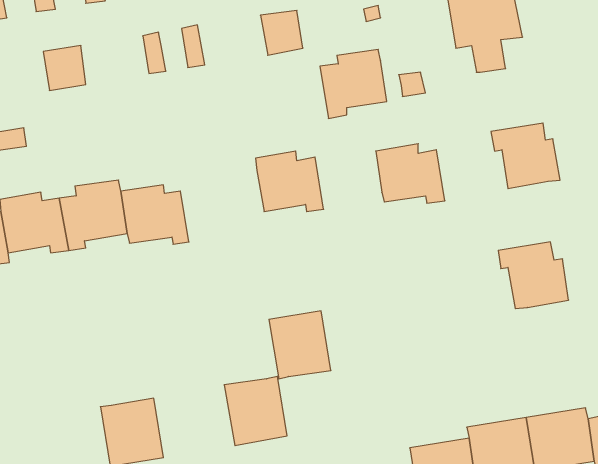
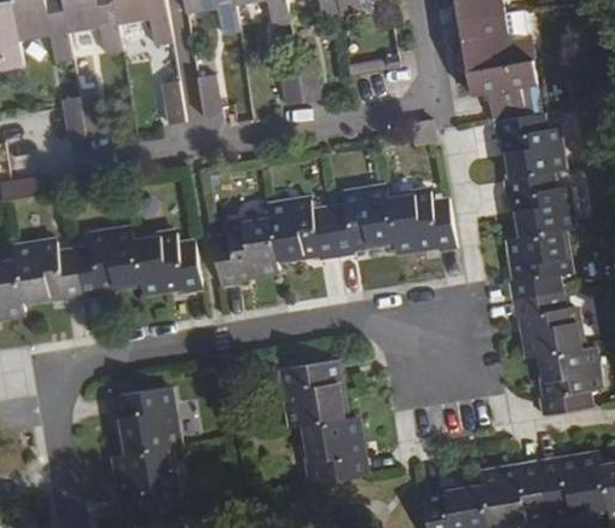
building: [320,49,387,118] -> [330,188,396,257]
building: none -> [494,112,564,179]
building: none -> [214,219,282,286]
building: none -> [509,230,569,298]
building: none -> [541,347,601,413]
building: none -> [117,387,180,453]
building: [224,376,287,446] -> [303,416,366,485]

